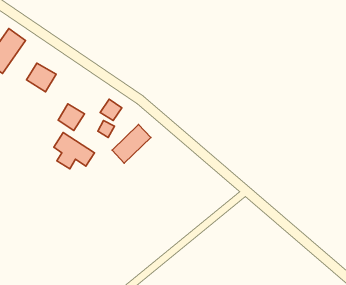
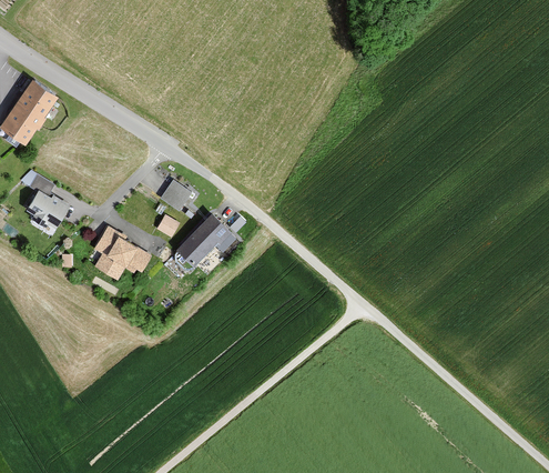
building: [26,63,56,92] -> [27,189,68,229]
building: [58,104,85,131] -> none

